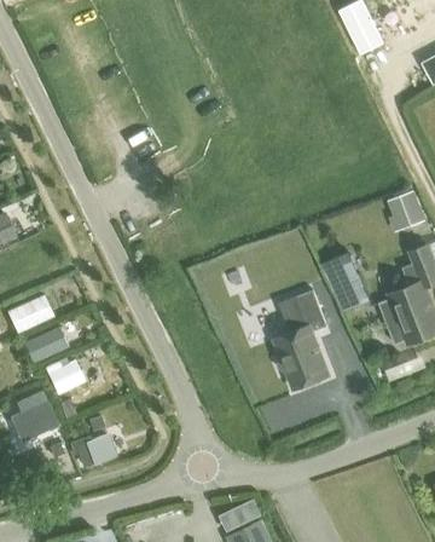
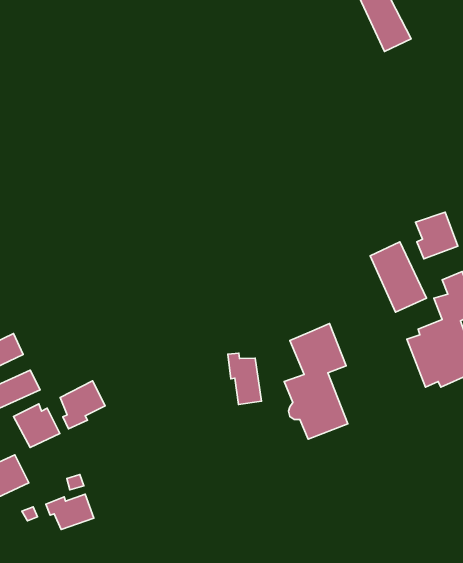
building: [323,252,371,312] -> [370,242,427,312]
building: none -> [228,353,262,405]
building: none -> [60,381,105,429]

